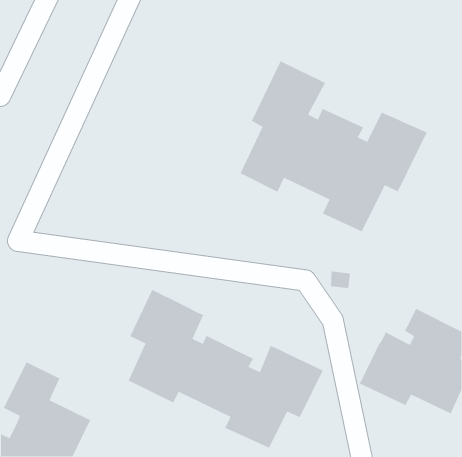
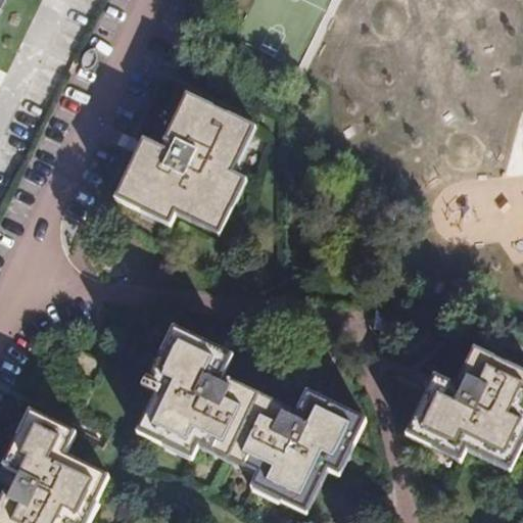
building: [240,60,428,232] -> none
building: none -> [116,94,252,234]

